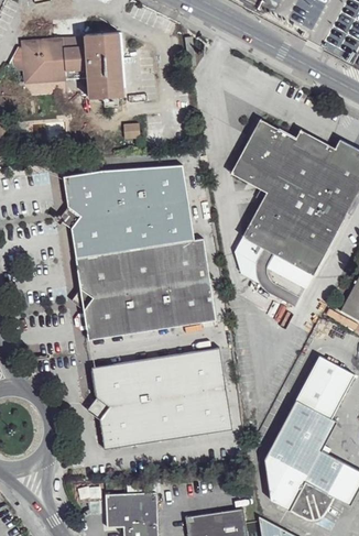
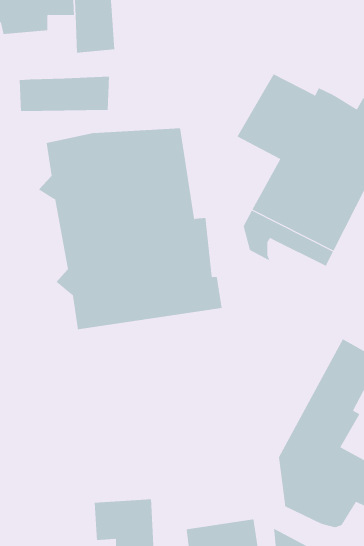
building: none -> [19,76,110,112]
building: [87,342,231,447] -> none

